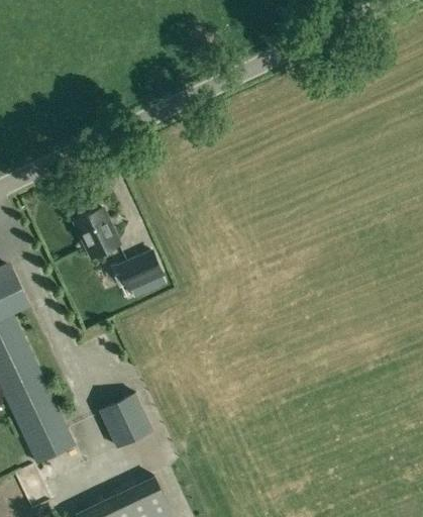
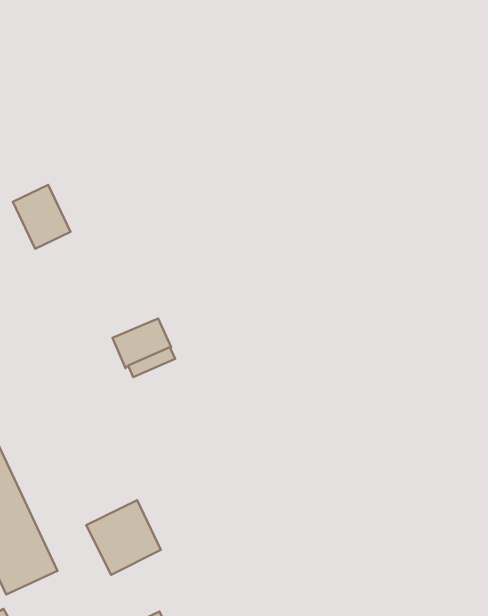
building: [75,209,119,258] -> [13,185,71,249]

